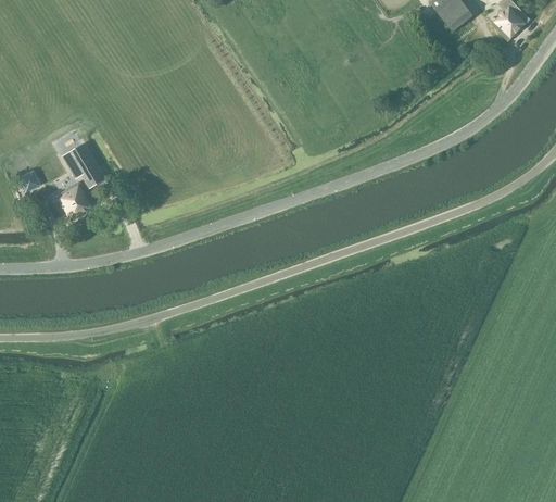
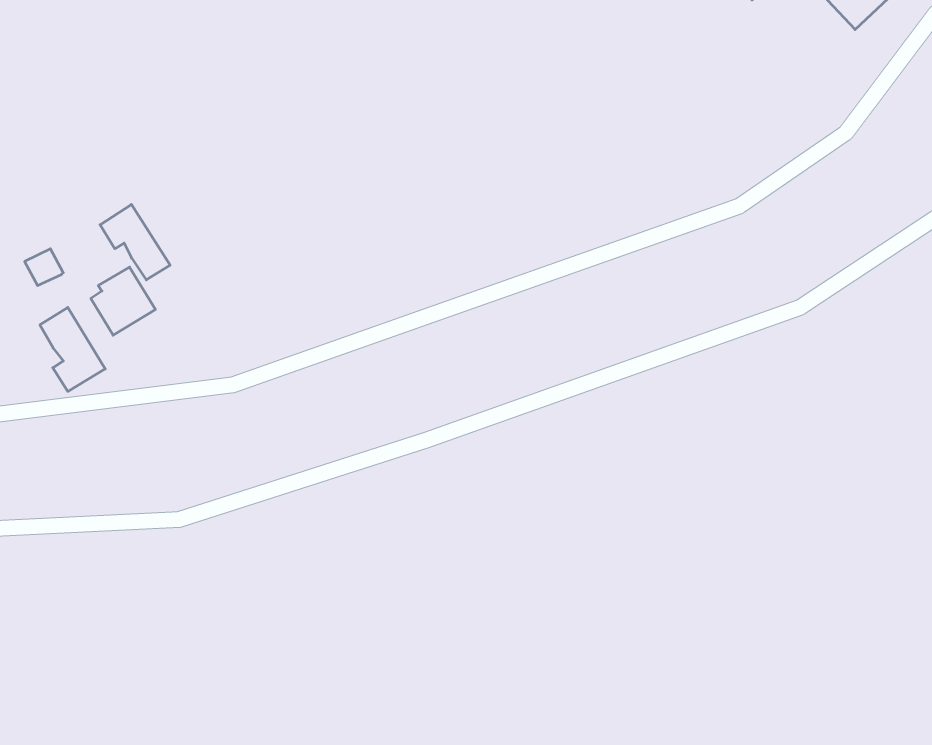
building: none -> [40,307,105,391]

